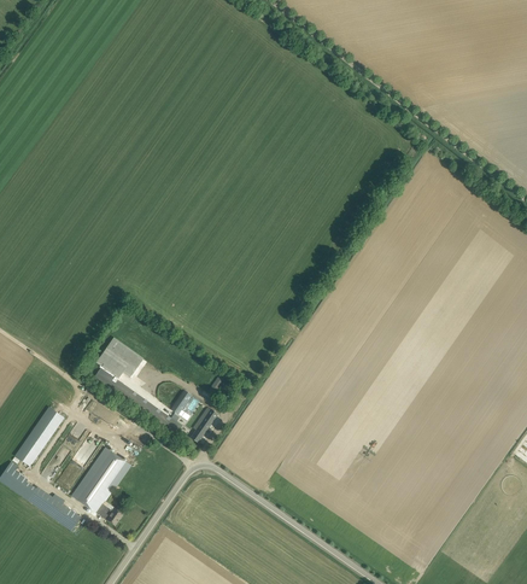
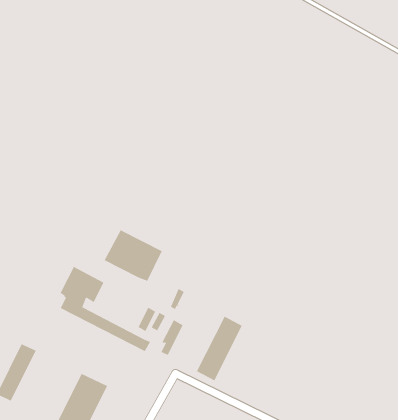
building: none -> [104,229,162,282]
building: none -> [196,316,243,381]

